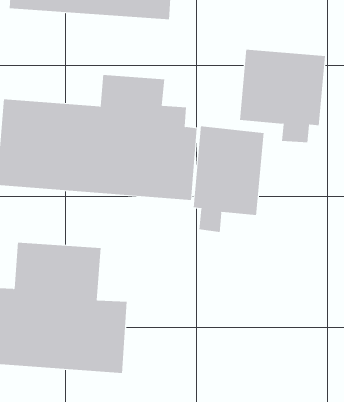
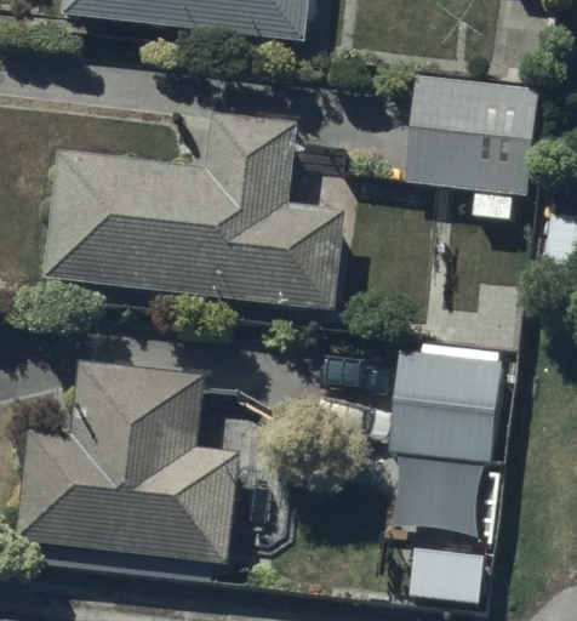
building: [193,126,264,233] -> none
building: none -> [389,354,499,531]

